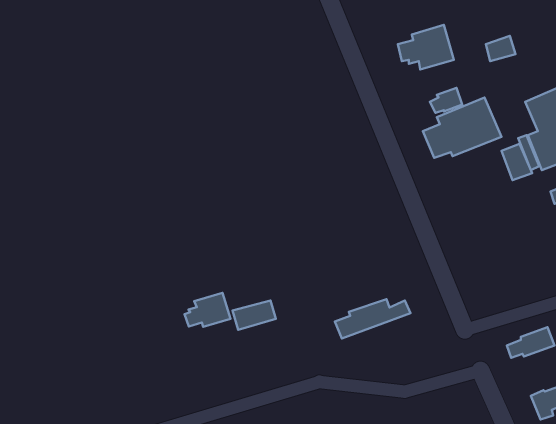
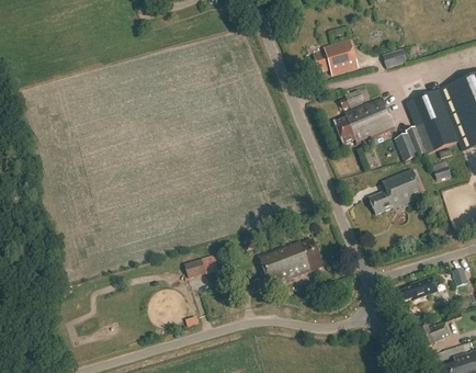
building: none -> [370,167,423,212]
building: none -> [258,237,319,271]
building: [185,293,231,327] -> none

